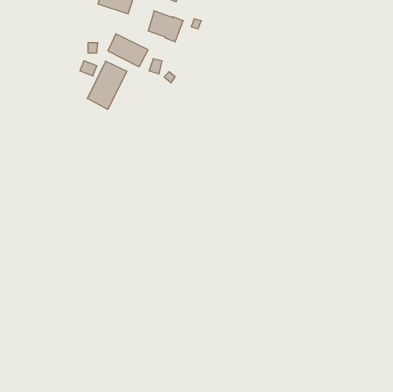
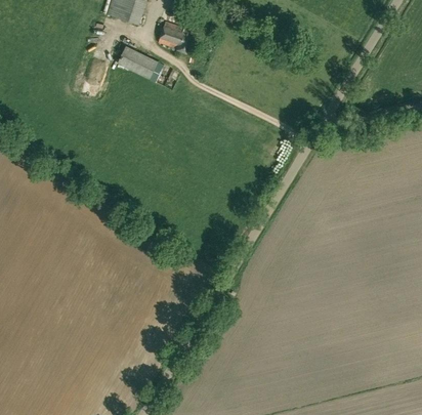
building: [87,61,127,109] -> none

